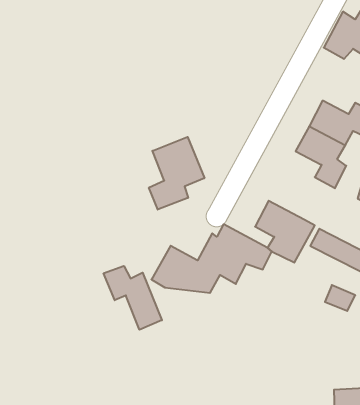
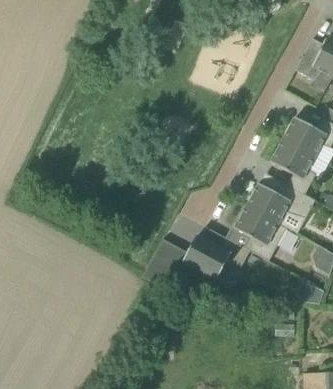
building: [149,137,204,210] -> none
building: none -> [247,181,316,222]
building: [104,266,162,330] -> none

